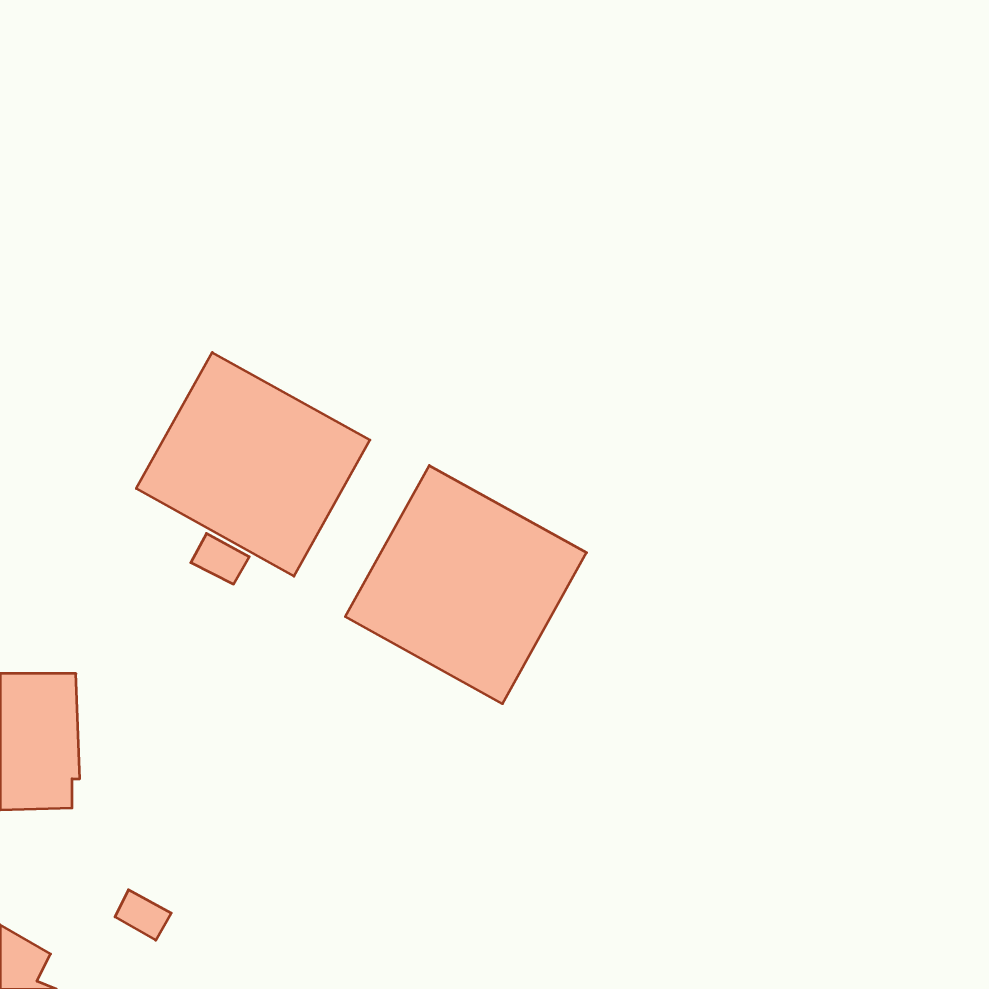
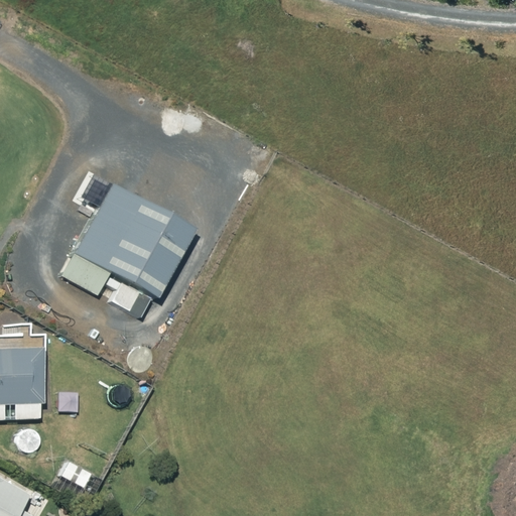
building: [345,465,587,704] -> none

